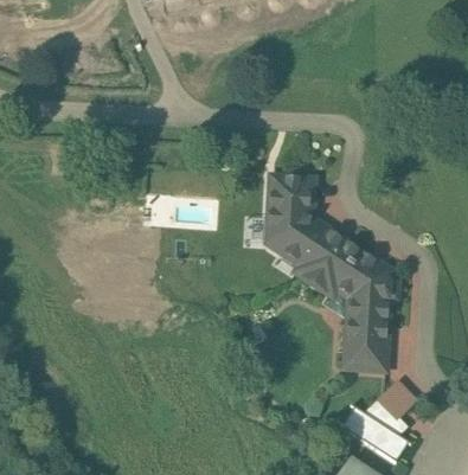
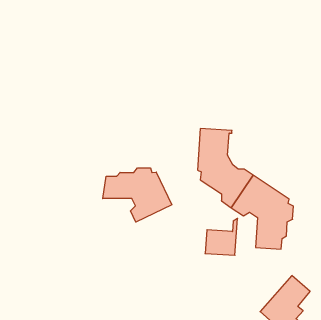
building: none -> [103,168,172,222]
building: [344,322,387,372] -> [205,218,238,255]

